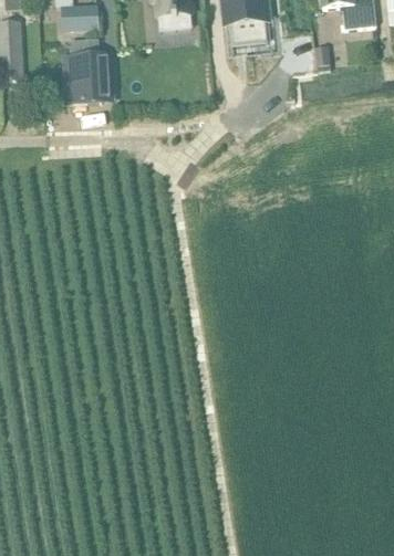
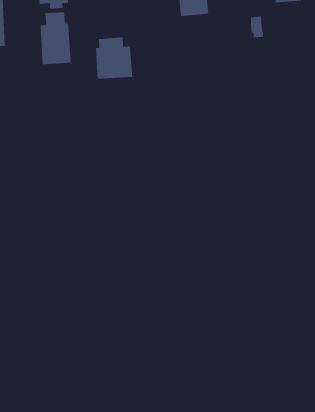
building: none -> [95,37,133,80]

